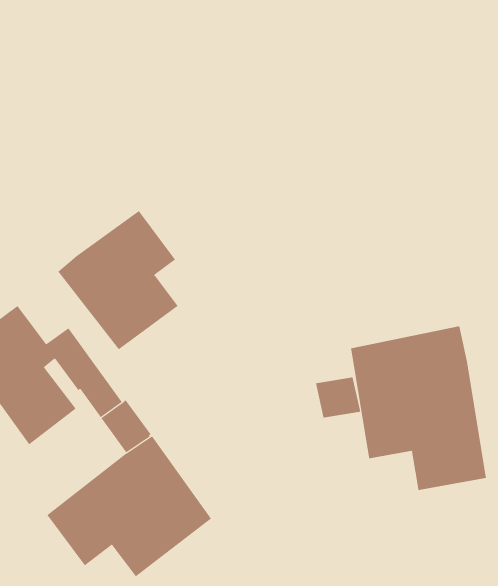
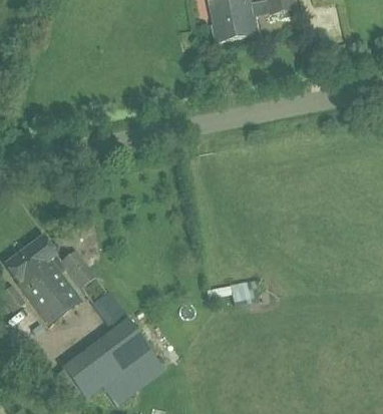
building: [57,210,178,350] -> none
building: [350,325,486,491] -> none

